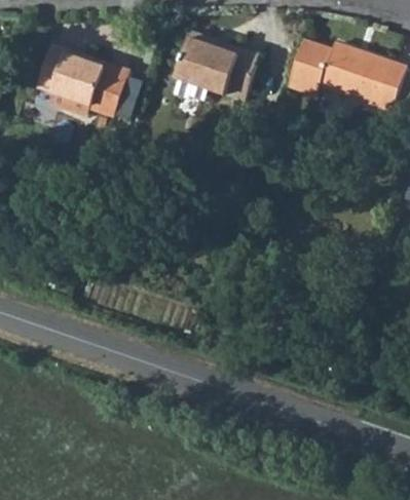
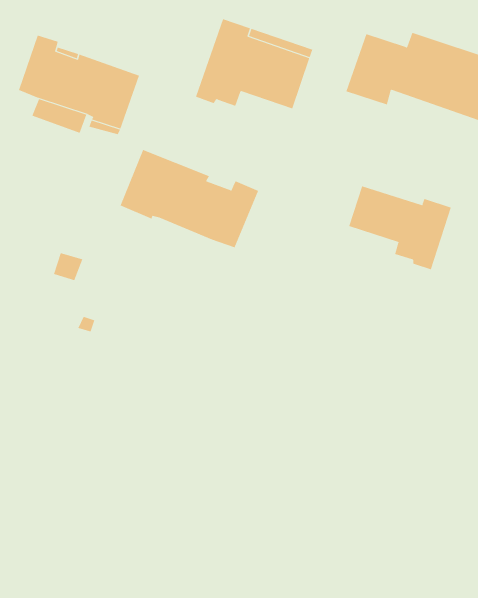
building: none -> [120,149,259,248]
building: none -> [348,185,451,270]

